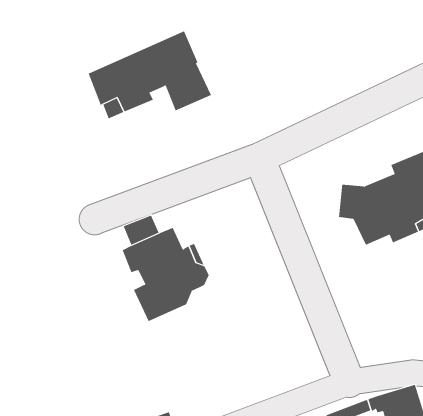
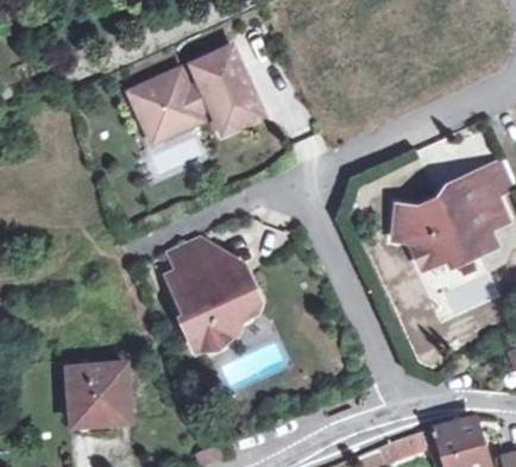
building: none -> [68,362,130,424]

